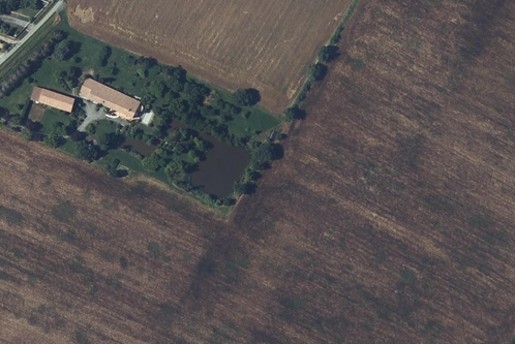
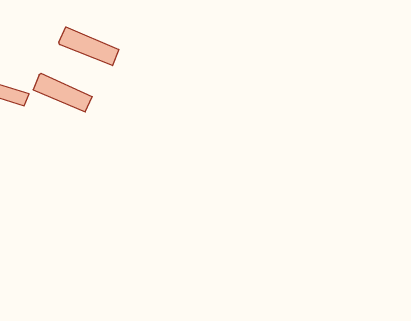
building: none -> [59,27,119,66]

